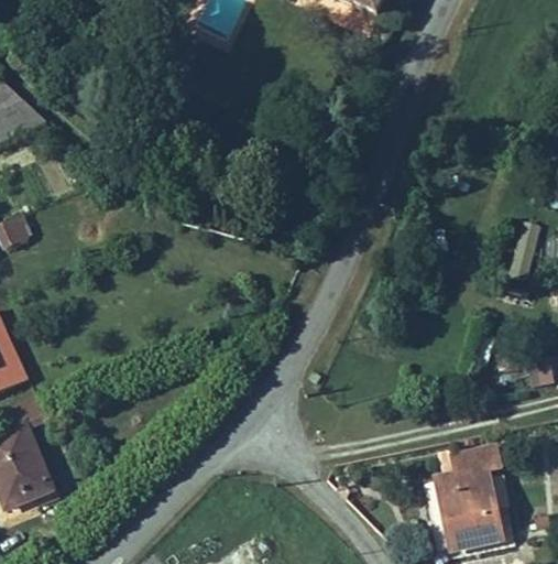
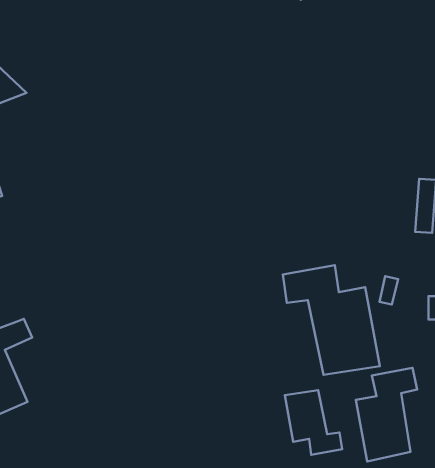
building: none -> [283,265,380,375]
building: none -> [285,390,342,455]

